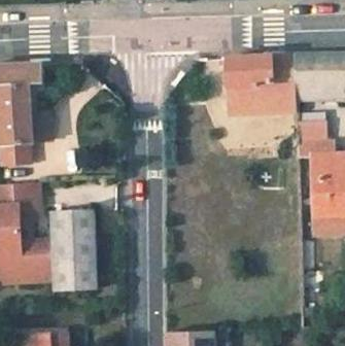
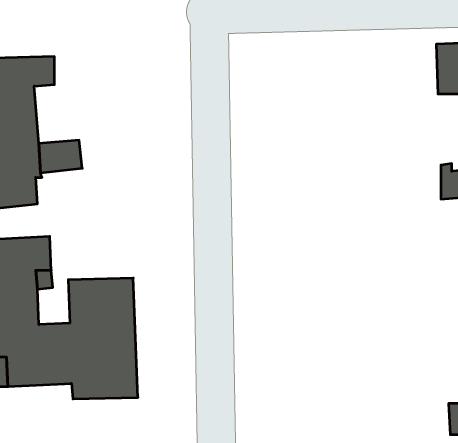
building: [226,55,297,113] -> none

